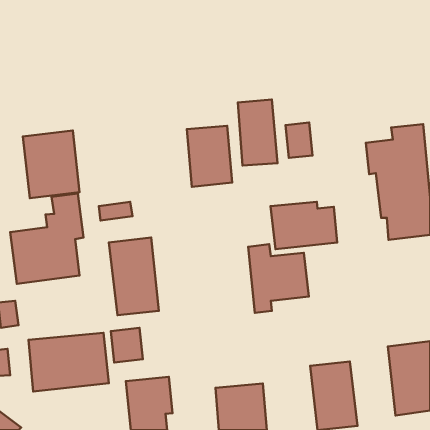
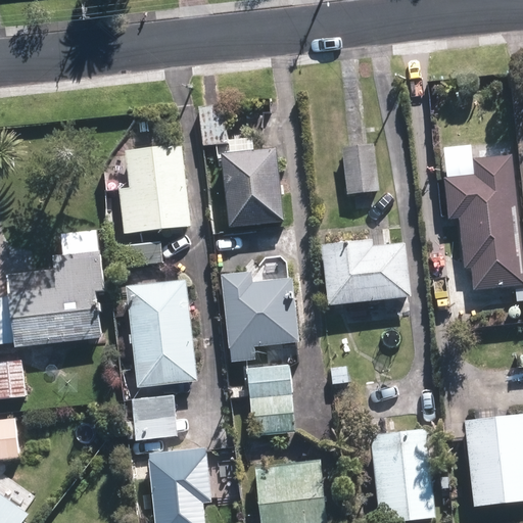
building: [238,100,277,165] -> none
building: [23,131,80,198] -> [118,151,187,233]
building: [248,244,309,313] -> [224,275,297,358]
building: none -> [249,368,290,412]
building: [28,333,109,391] -> none

